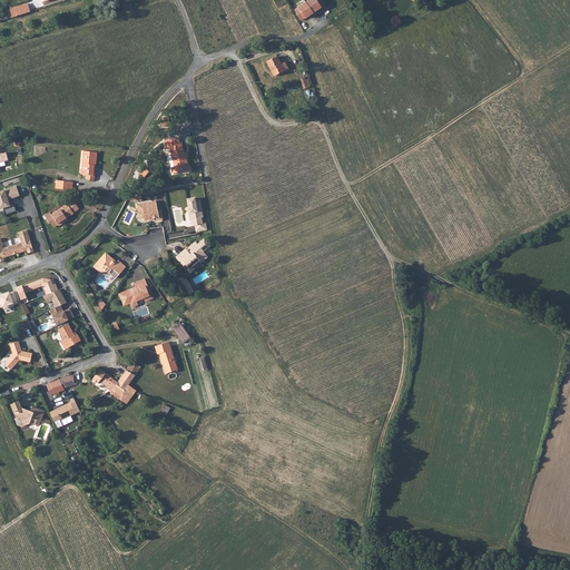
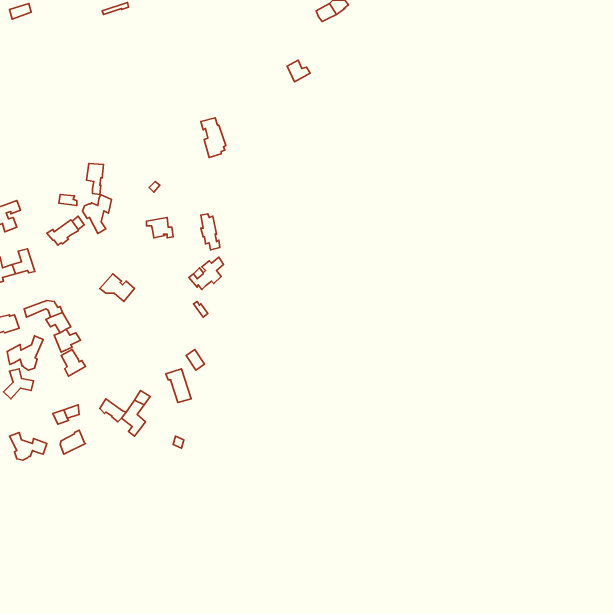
building: [164,137,187,174] -> [201,118,226,157]
building: none -> [82,194,111,234]
building: [118,279,151,307] -> none
building: none -> [7,336,43,370]

